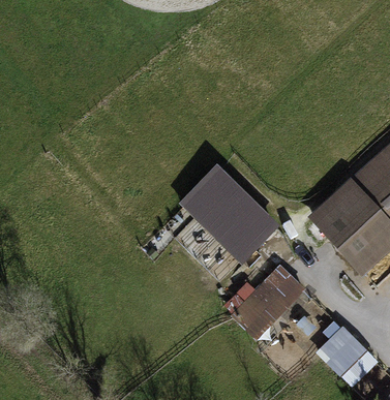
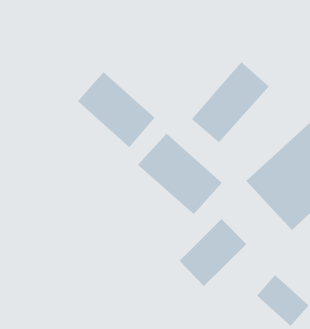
building: none -> [191,61,269,143]
building: none -> [77,72,156,148]

